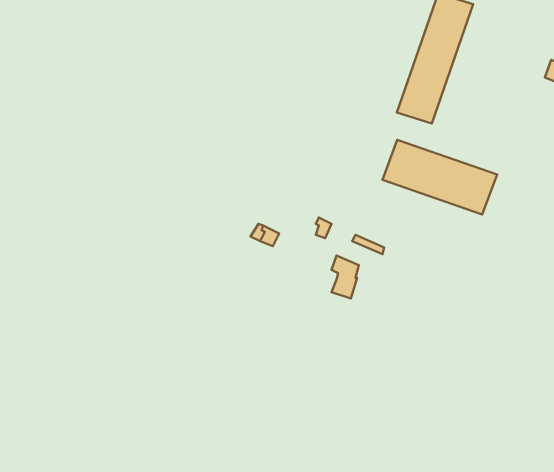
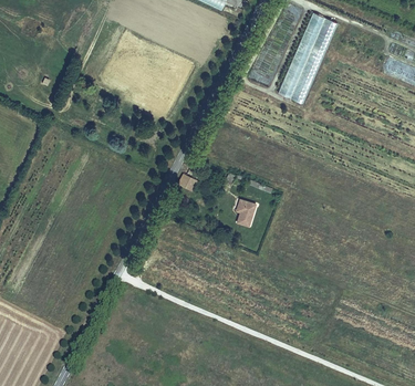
building: [382,140,497,215] -> none

